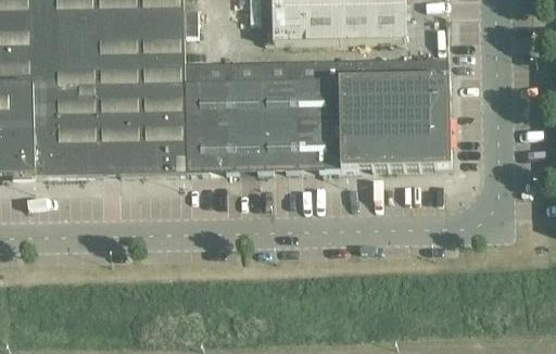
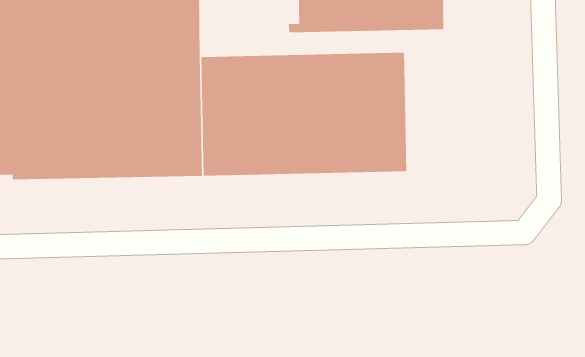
building: [368,59,450,168] -> none

